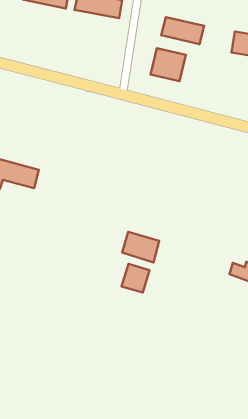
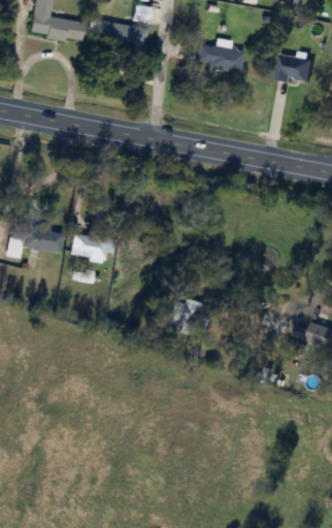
building: [150,48,186,81] -> none
building: none -> [72,233,109,261]
building: [122,264,150,293] -> none

